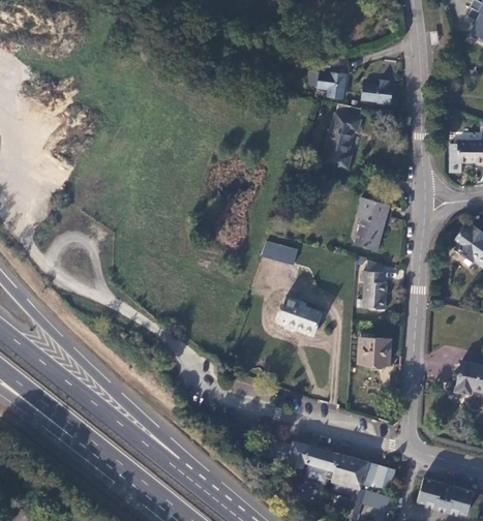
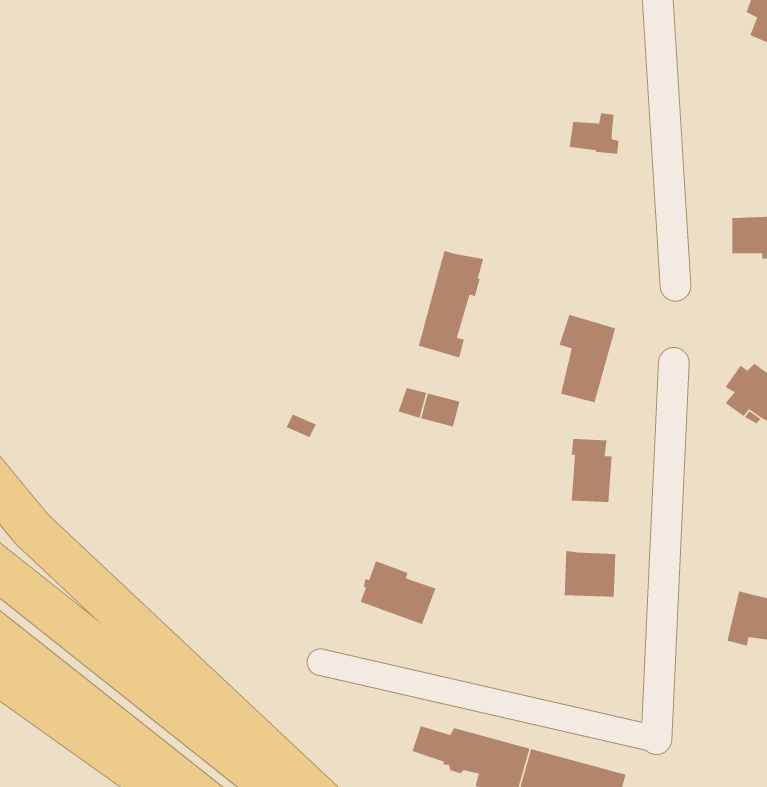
building: [309,61,346,99] -> none
building: [324,103,363,167] -> [418,250,484,358]
building: [277,297,323,335] -> [360,560,437,625]

